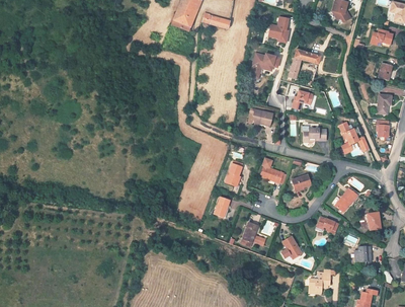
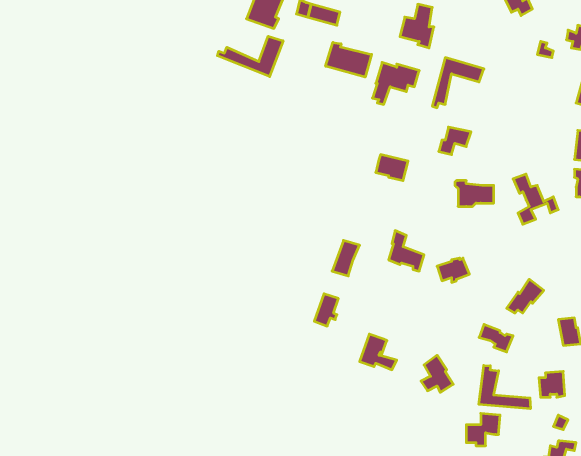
building: none -> [217,36,283,77]
building: none -> [326,42,372,77]
building: none -> [479,365,530,409]

